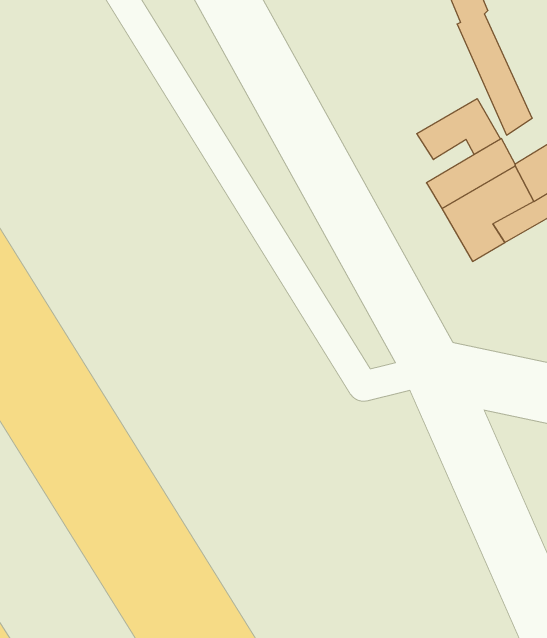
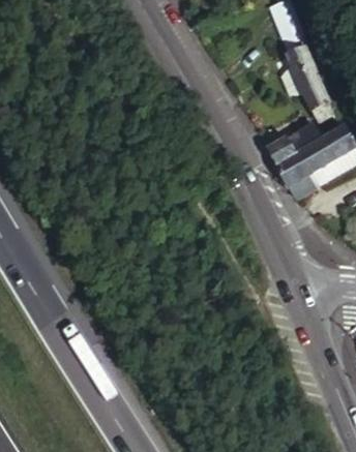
building: [417,99,501,160] -> none

